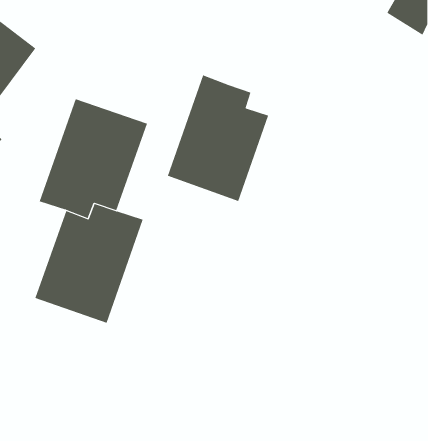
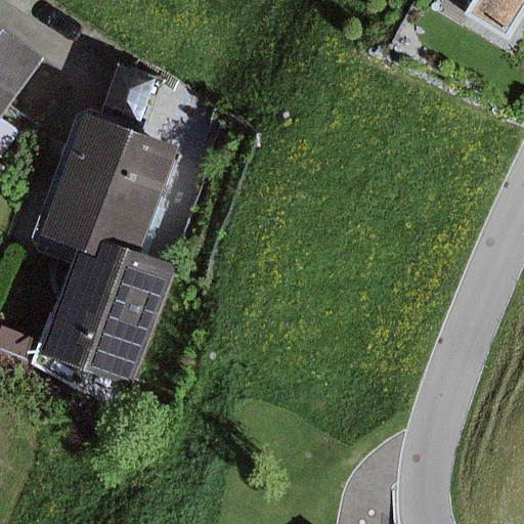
building: [167,74,269,202] -> none

